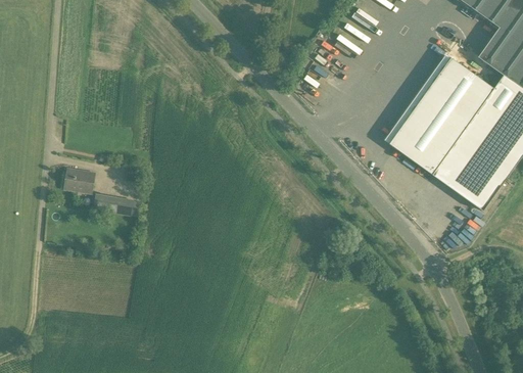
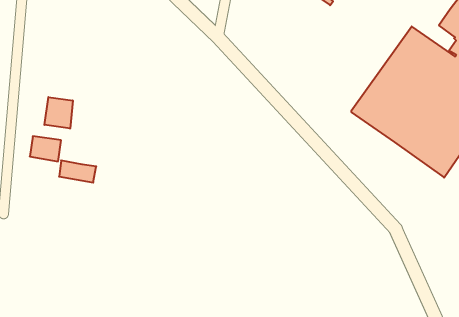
building: none -> [44,97,73,129]

